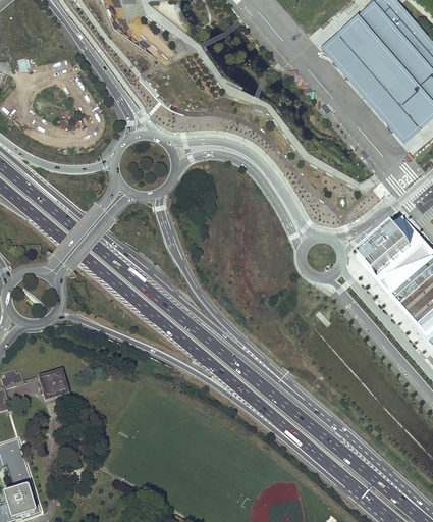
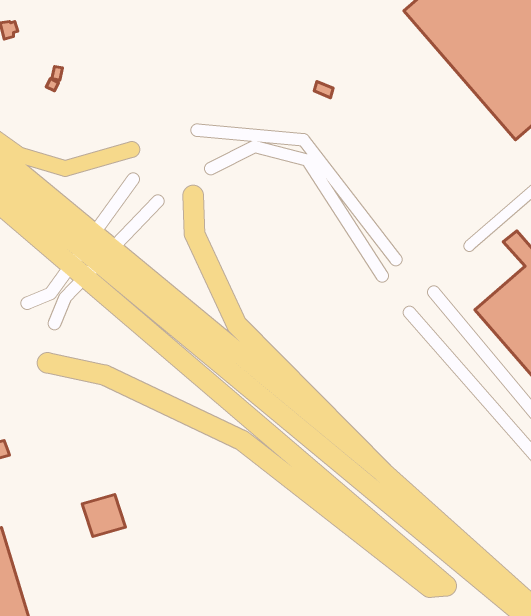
building: [355,220,409,271] -> none
building: [36,365,68,397] -> [82,494,126,537]

